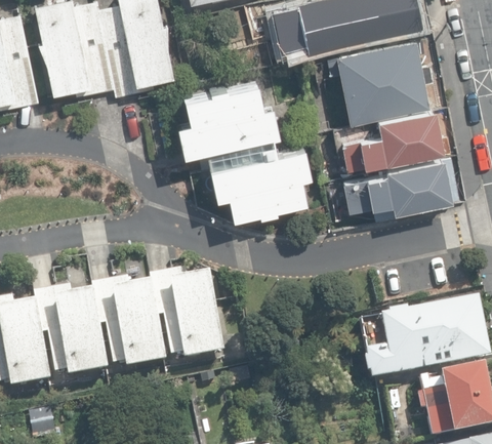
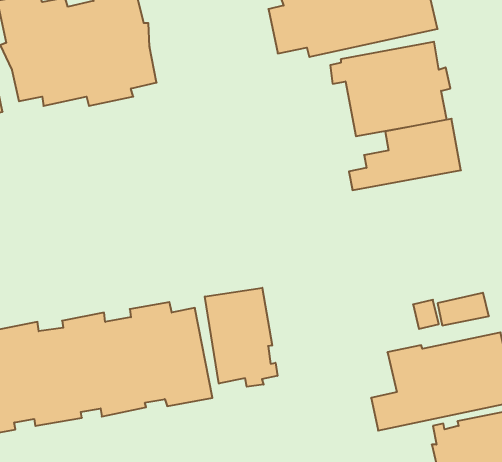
building: [168,74,318,223] -> none
building: [342,155,458,218] -> none
building: none -> [205,288,277,387]

